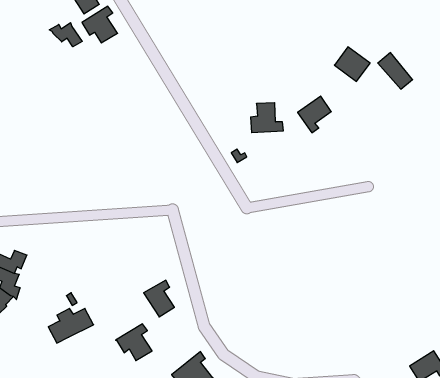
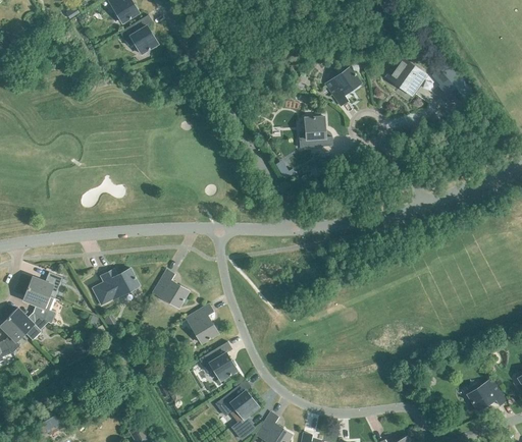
building: [49,23,82,47] -> none
building: [298,96,331,133] -> [325,67,361,106]
building: none -> [153,270,189,308]
building: [48,308,94,343] -> [92,269,140,306]
building: [116,324,152,361] -> [199,342,238,381]

